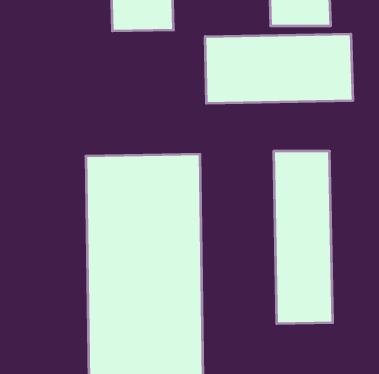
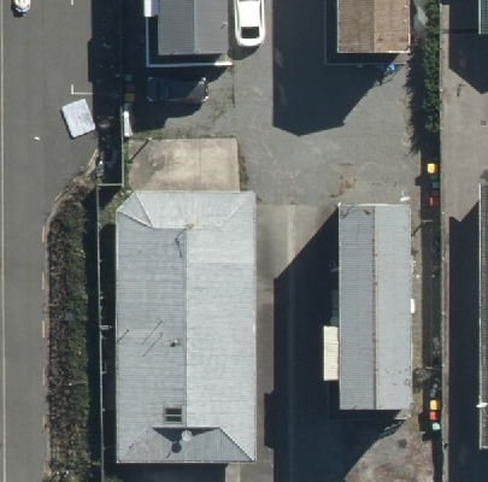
building: [205,34,353,103] -> none

